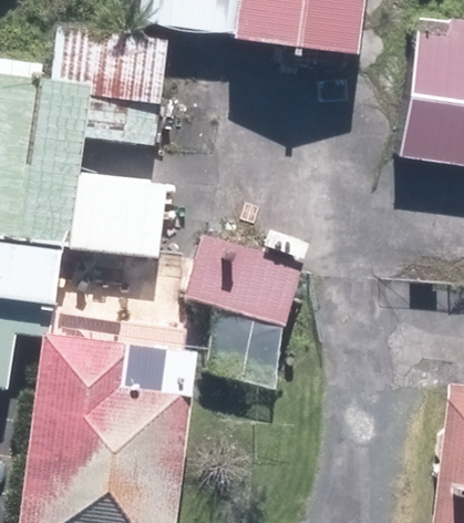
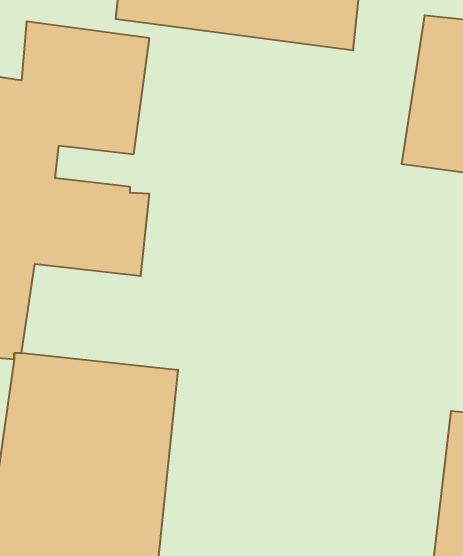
building: [184,235,303,327] -> none

